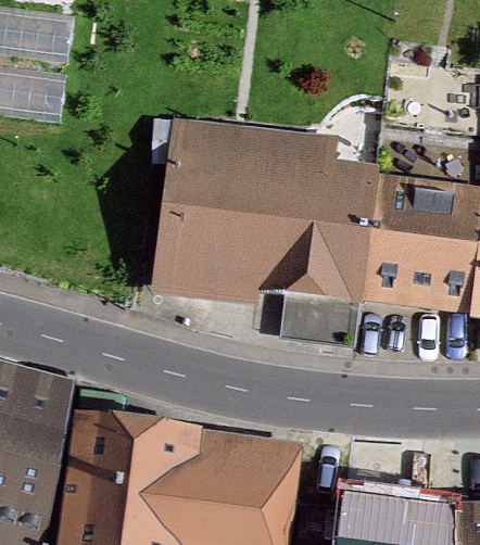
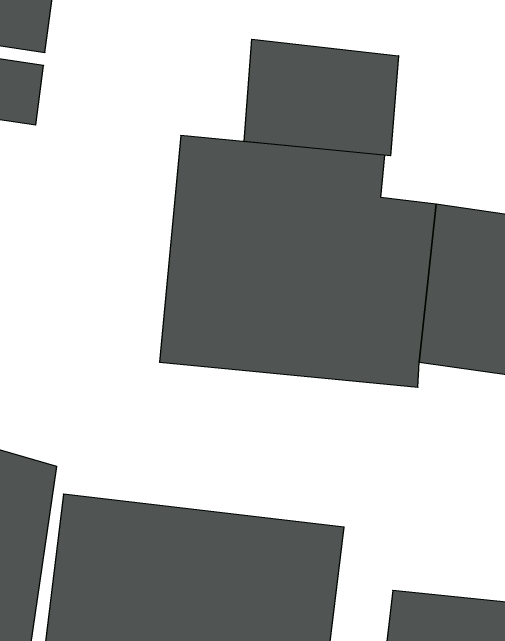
building: none -> [244,39,399,156]

